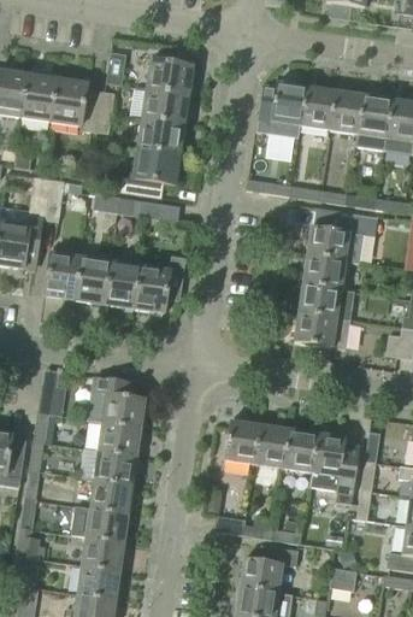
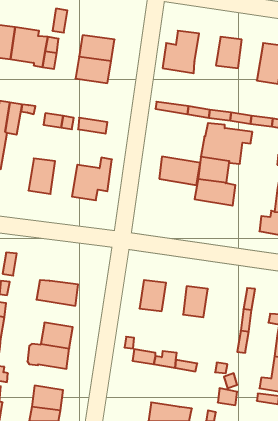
building: [146,58,193,94] -> none
building: [297,86,332,129] -> none
building: [355,94,390,149] -> none
building: [120,147,179,196] -> none
building: [43,251,79,299] -> none
building: [102,259,138,307] -> none
building: [294,311,349,349] -> [159,157,200,185]
building: [88,376,144,427] -> none
building: [253,424,287,468] -> none
building: [307,433,359,504] -> none
building: [94,449,136,484] -> none
building: [81,535,124,570] -> none
building: [238,545,297,593] -> none

